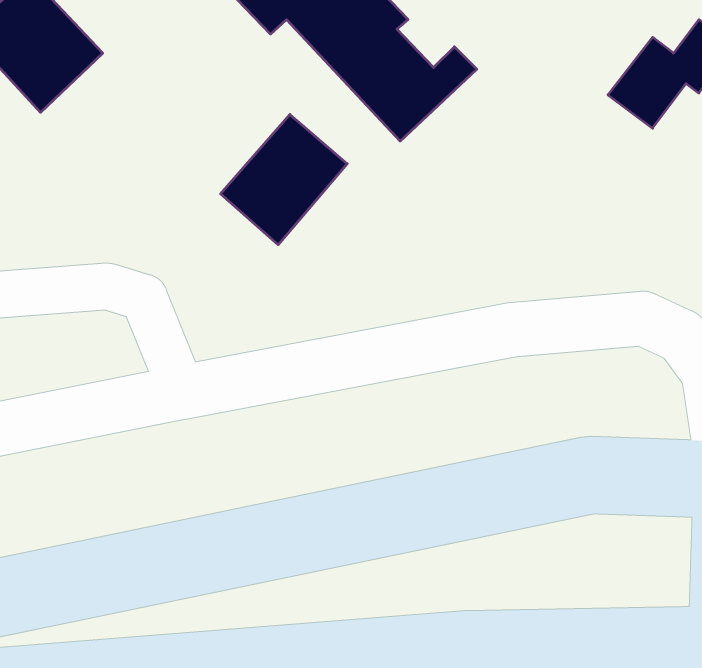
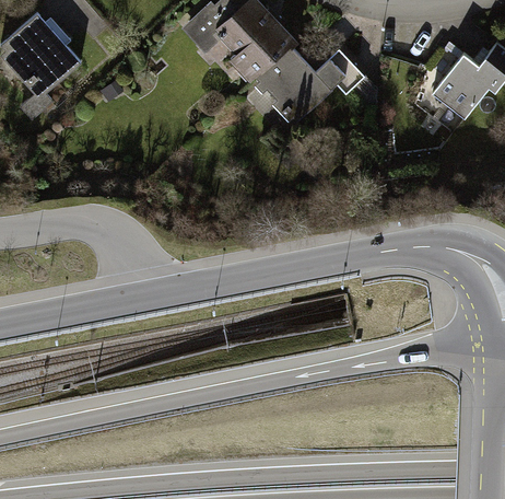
building: [221,114,347,245] -> none

